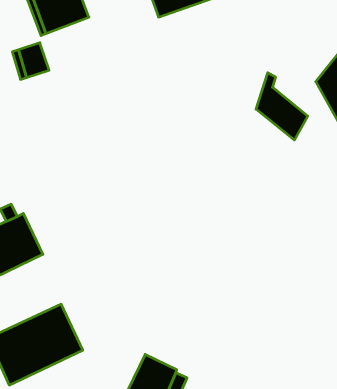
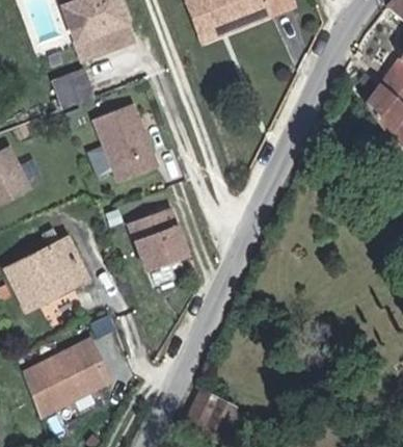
building: [256,73,308,140] -> none
building: none -> [97,102,165,183]
building: none -> [132,206,195,273]

